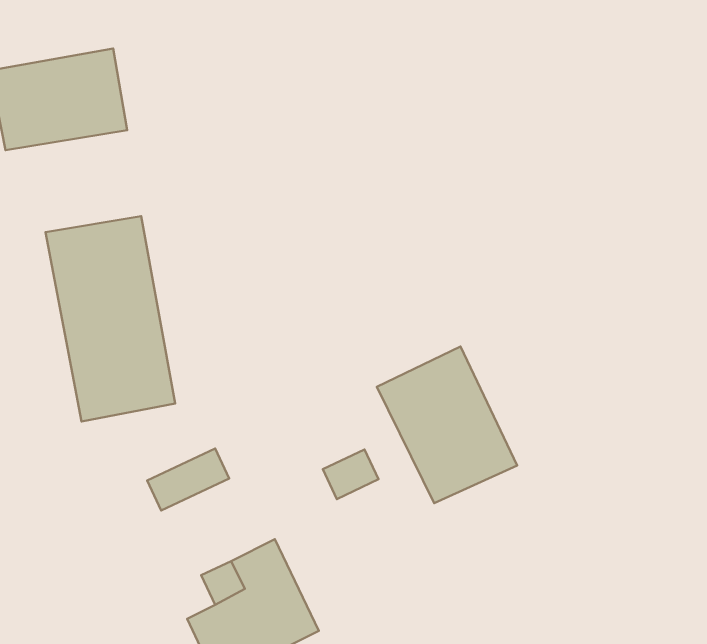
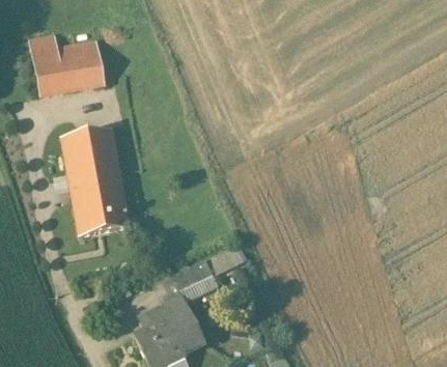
building: [377,346,517,503] -> none
building: [147,449,229,510] -> [170,259,213,291]

